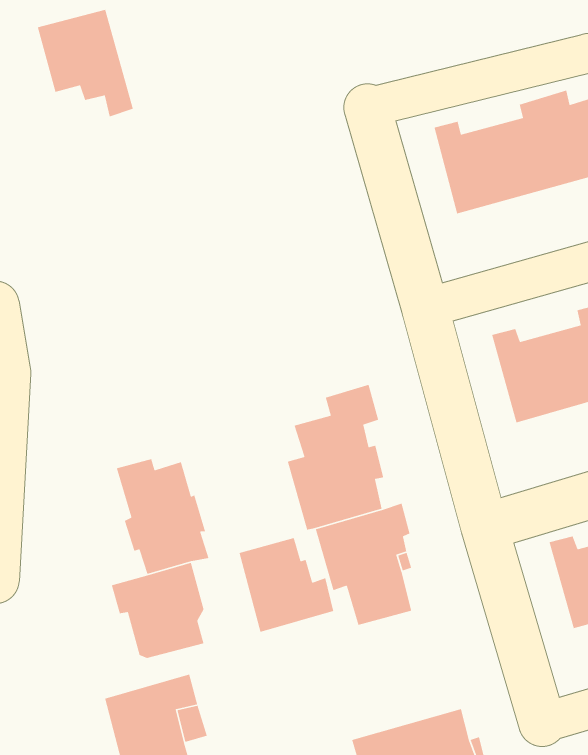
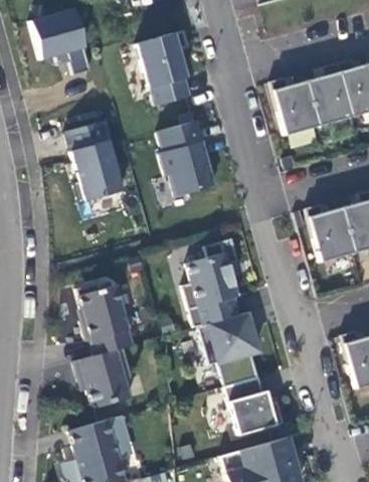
building: none -> [135,33,189,107]
building: none -> [157,120,215,197]
building: none -> [64,122,122,202]
building: [239,538,334,633] -> [225,376,284,435]

